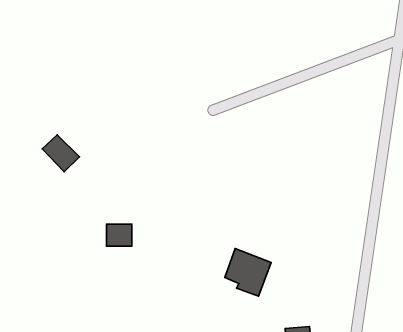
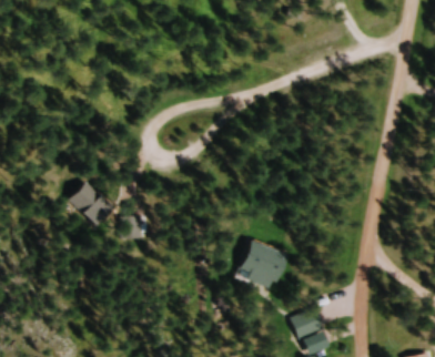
building: [42,135,79,172] -> [69,184,104,220]

